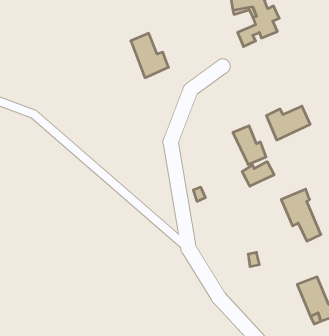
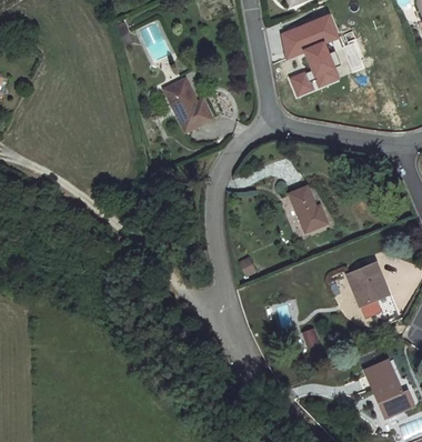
building: [266,106,310,140] -> none
building: [242,162,274,186] -> none

